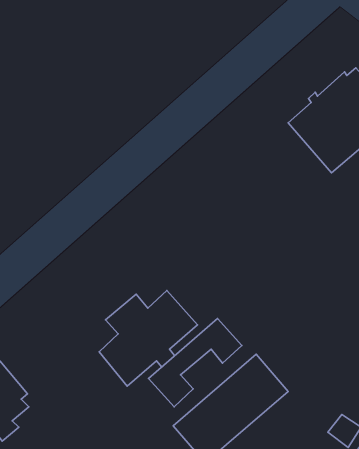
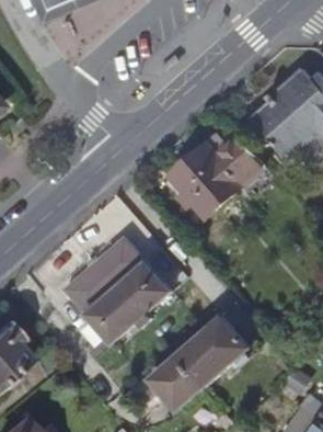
building: none -> [171,132,267,217]
building: [149,319,242,407] -> [65,238,145,314]

